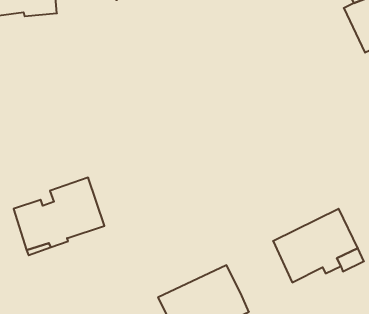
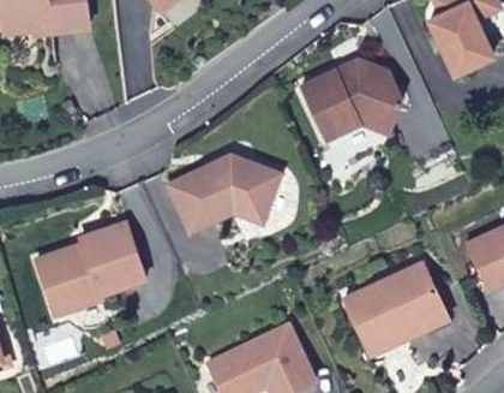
building: none -> [299,60,398,139]
building: none -> [166,155,278,233]

